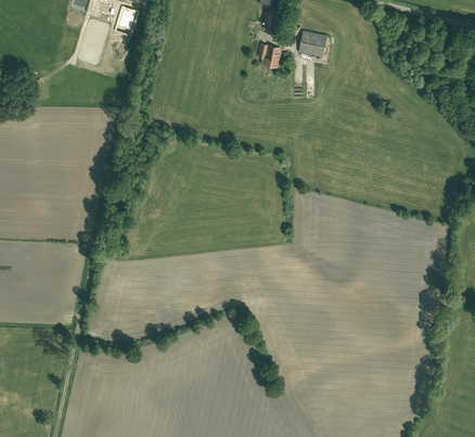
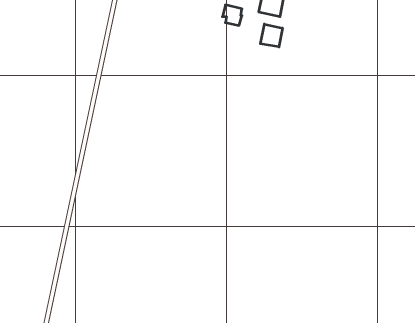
building: none -> [260,24,282,47]

